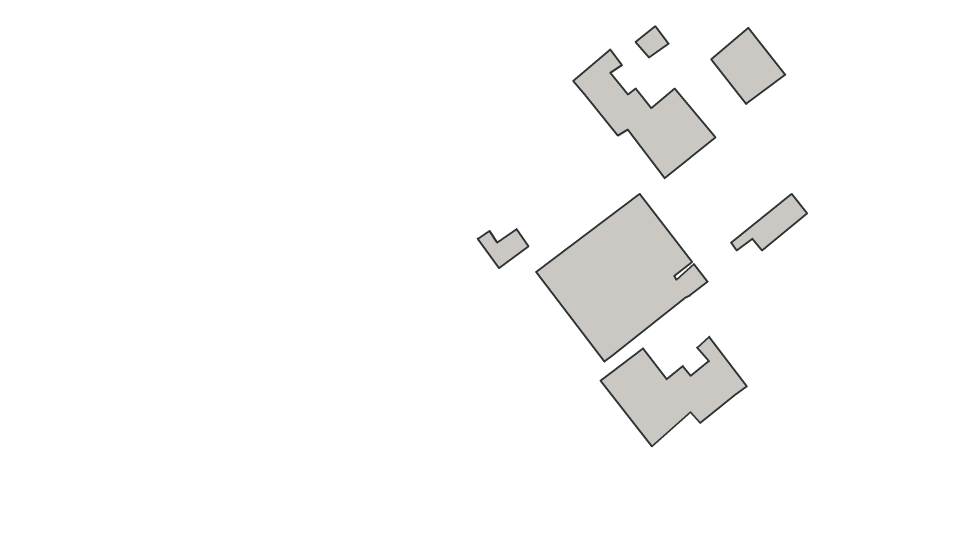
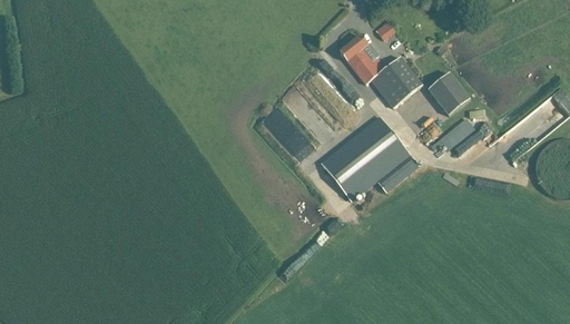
building: [711,28,785,104] -> [429,71,471,115]
building: [601,337,747,446] -> none

